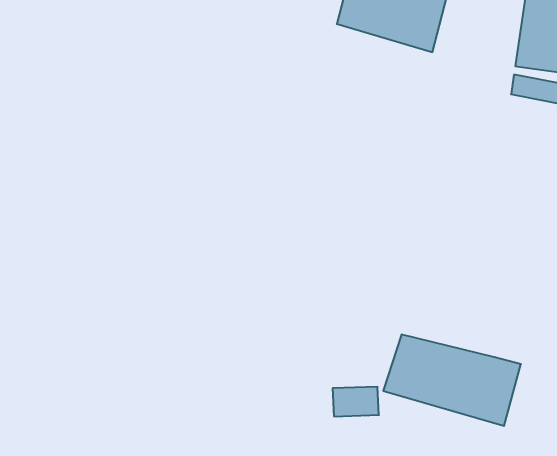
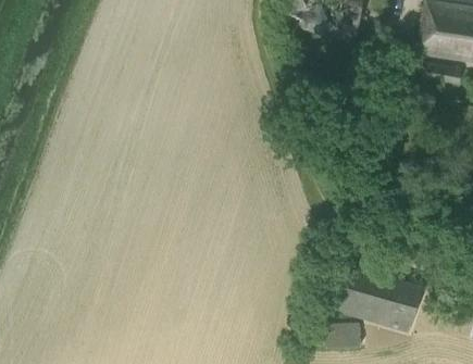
building: [333,387,379,416] -> [325,326,361,349]

